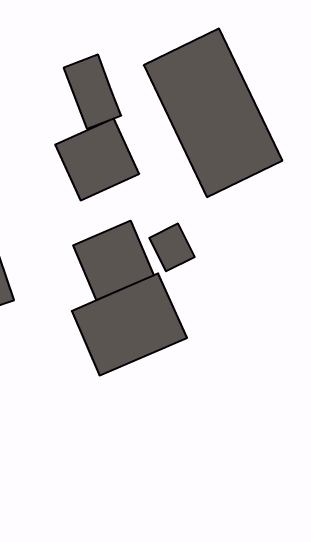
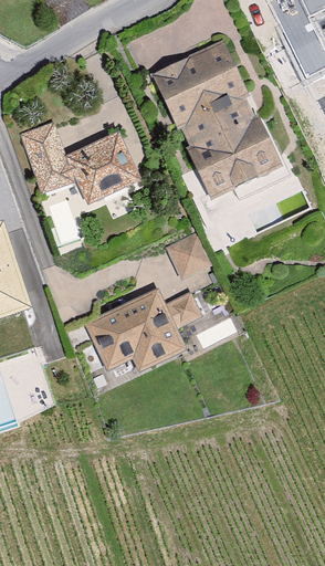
building: [64,55,121,129] -> [15,118,73,192]
building: [73,221,154,300] -> none

